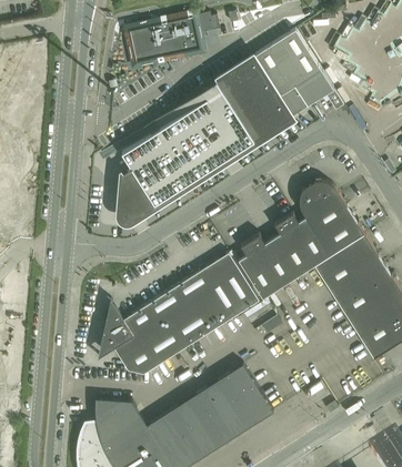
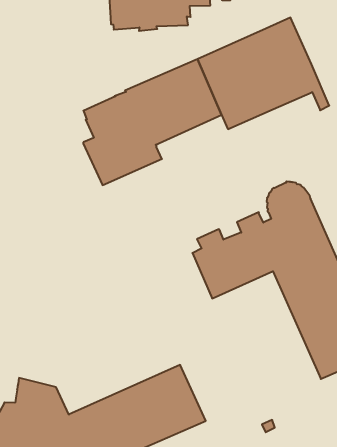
building: [114,116,295,229] -> none
building: [100,253,259,374] -> none

